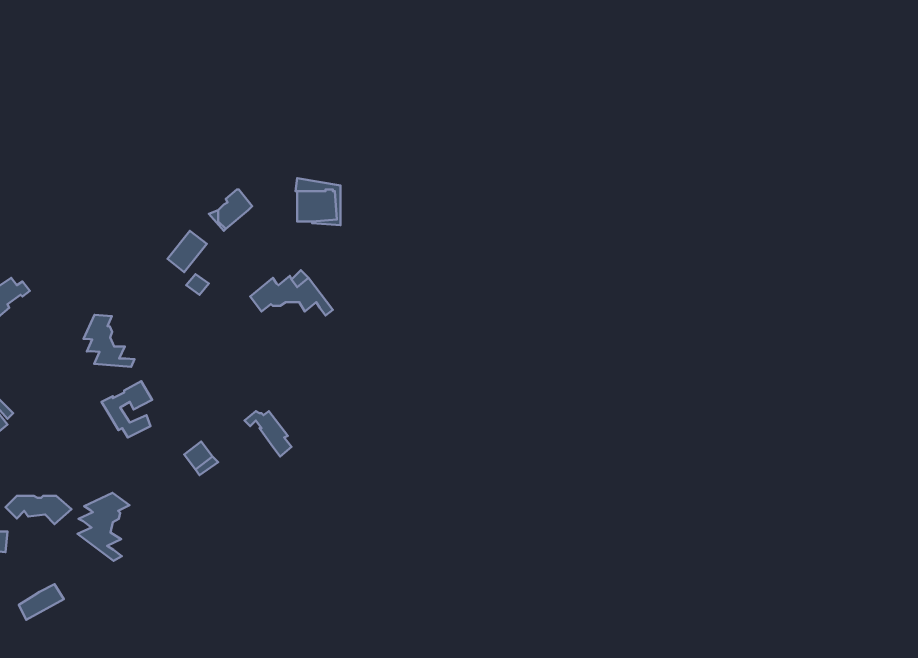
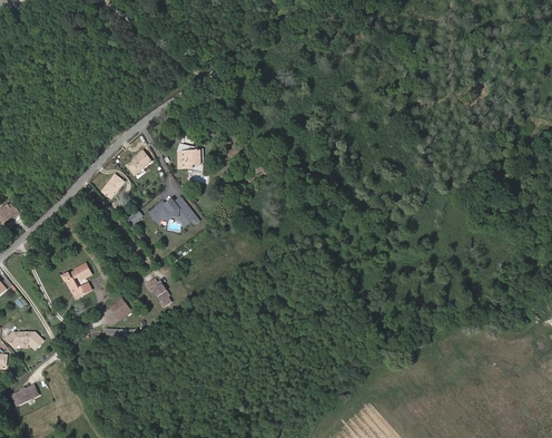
building: [84,315,134,367] -> none
building: [77,493,130,561] -> none

